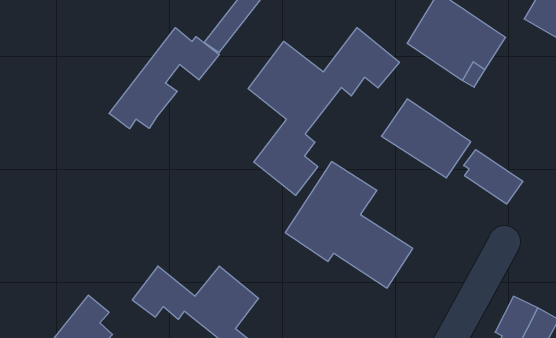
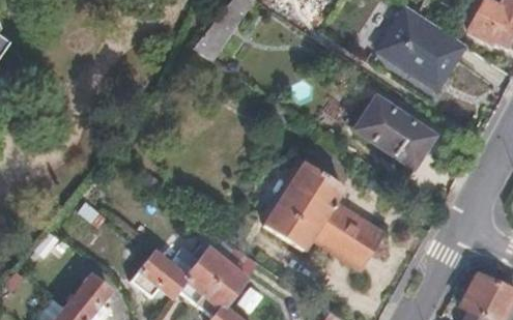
building: [248,28,399,195] -> none
building: [109,28,219,129] -> none
building: [464,150,523,204] -> none

